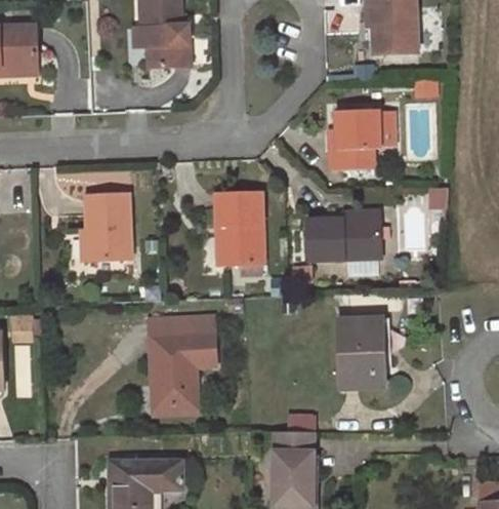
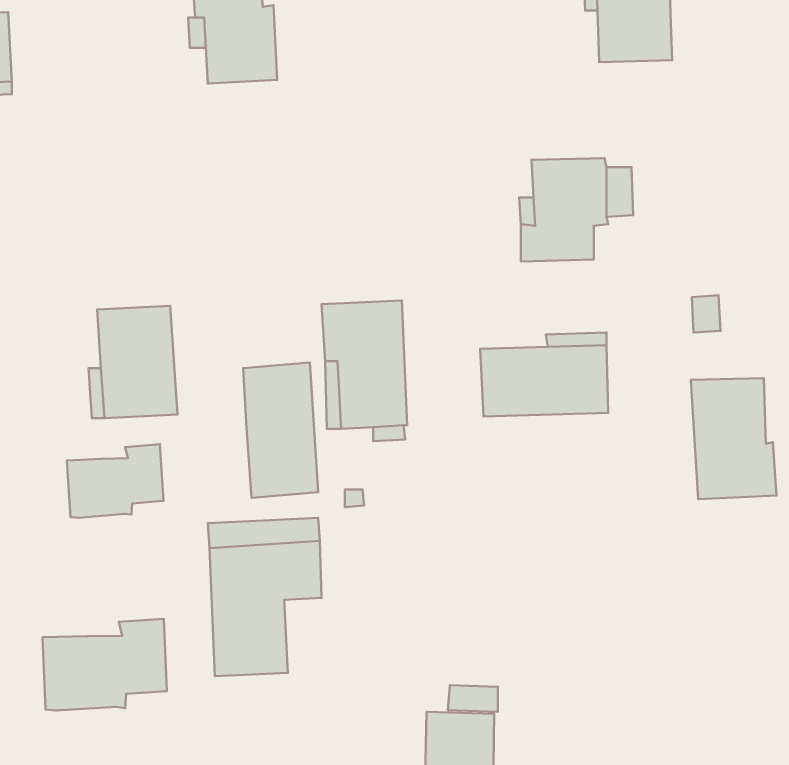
building: none -> [243,362,318,498]
building: none -> [67,444,163,518]
building: [337,318,386,388] -> [691,378,776,499]
building: none -> [42,619,167,710]

